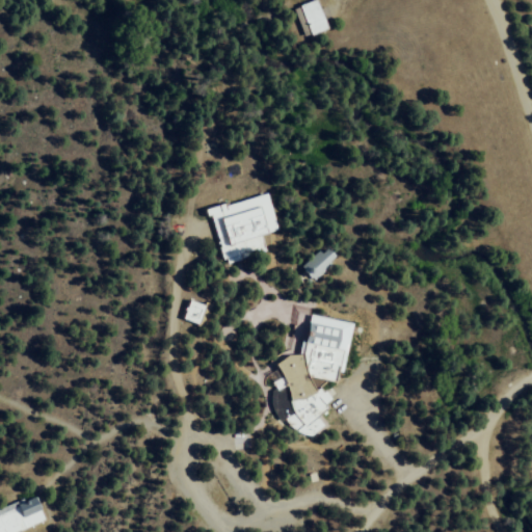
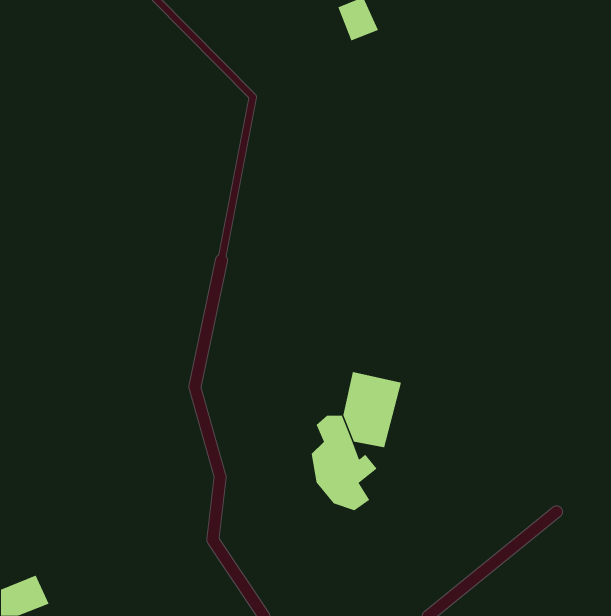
building: [212,192,278,260] -> none
building: [307,242,342,276] -> none
building: [184,296,214,324] -> none

